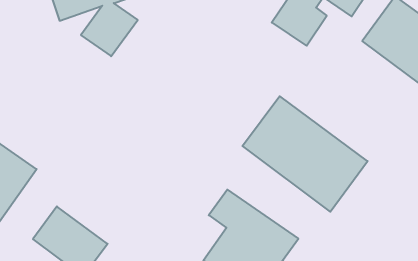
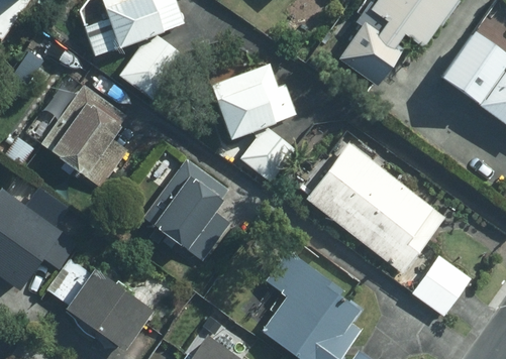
building: none -> [209,62,303,182]
building: none -> [39,83,128,176]
building: none -> [142,162,232,255]
building: none -> [415,260,472,312]

